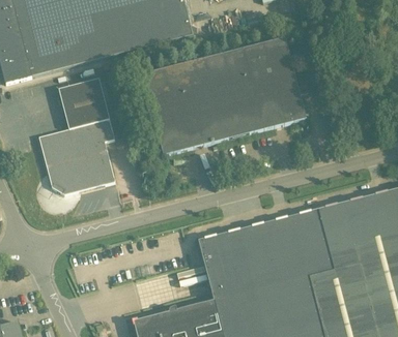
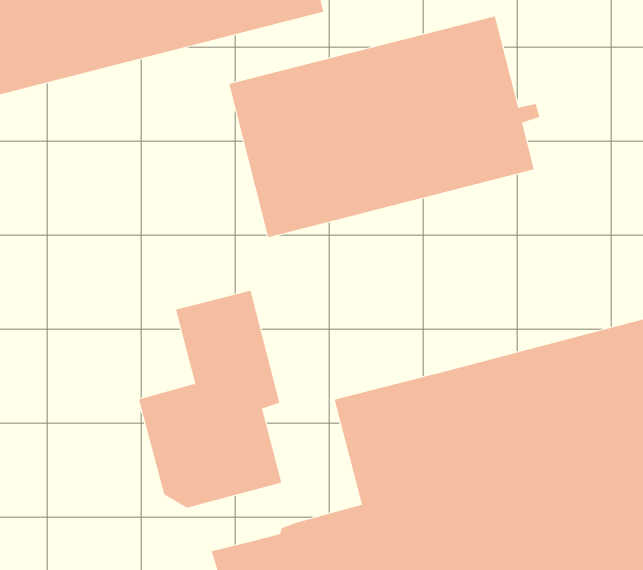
building: [38,79,115,194] -> [138,290,282,508]

